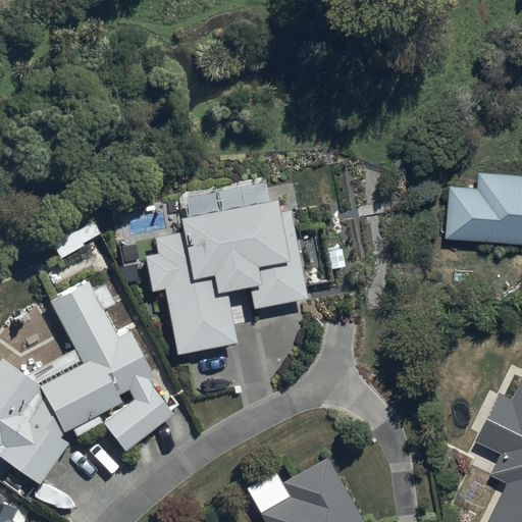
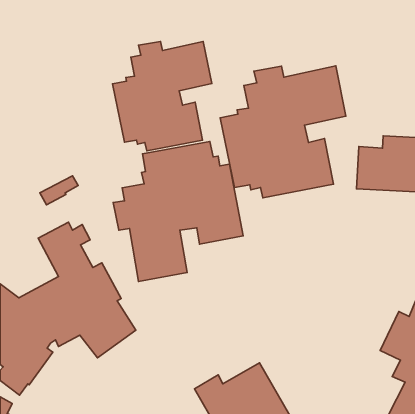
building: none -> [112,41,212,151]
building: none -> [220,66,346,198]

